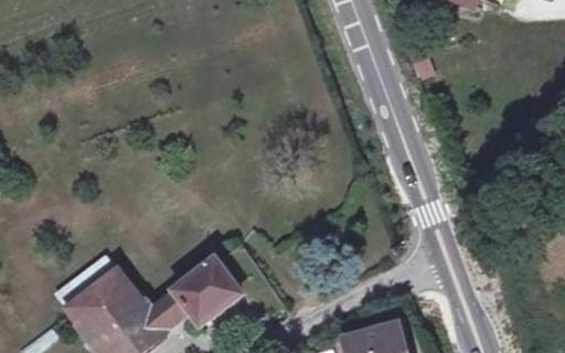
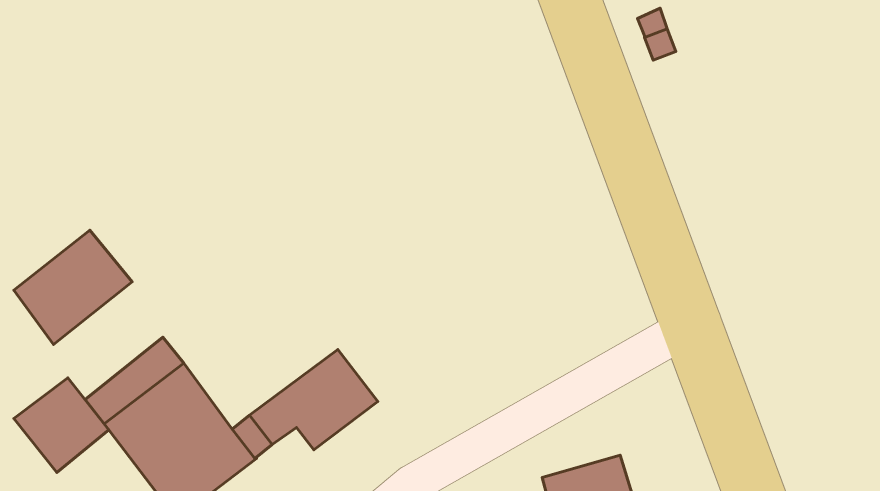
building: none -> [14,230,132,345]
building: none -> [14,378,109,472]

